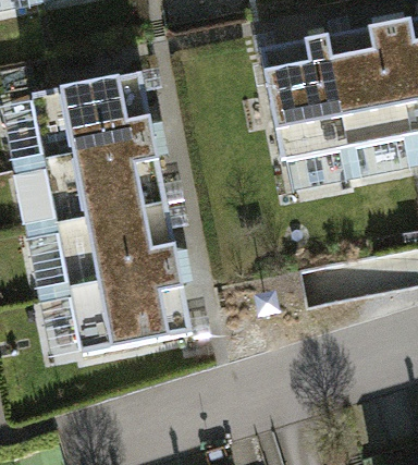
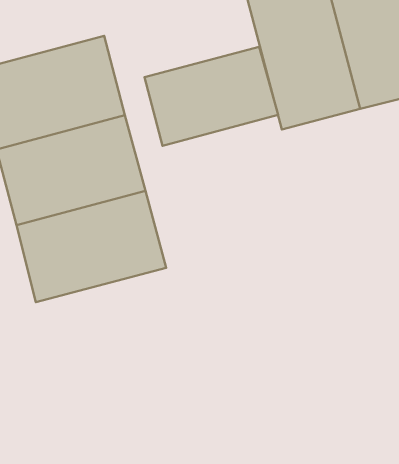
building: none -> [144,47,278,146]
building: [71,271,193,358] -> none

